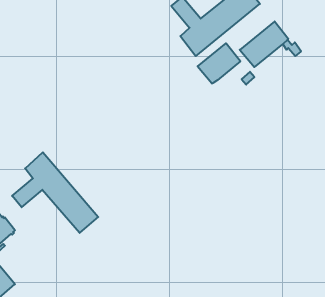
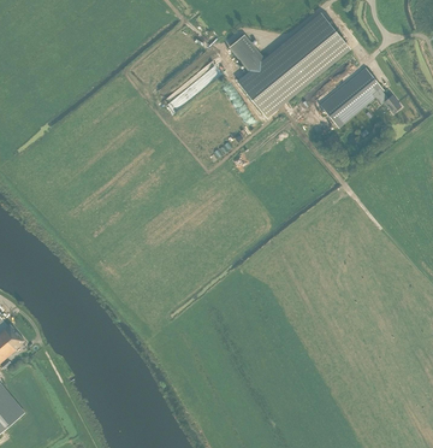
building: [198,43,240,84] -> none
building: [12,152,98,233] -> none

